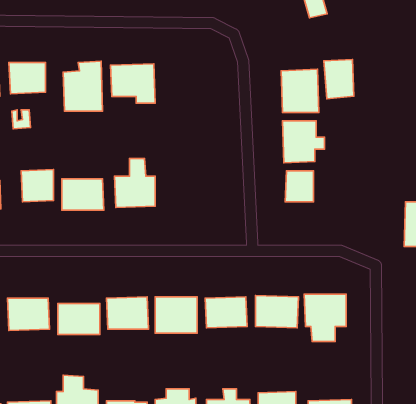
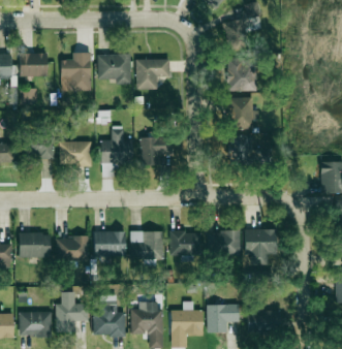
building: [324,60,354,99] -> [225,20,248,50]
building: none -> [135,59,169,89]
building: none -> [141,136,169,165]

